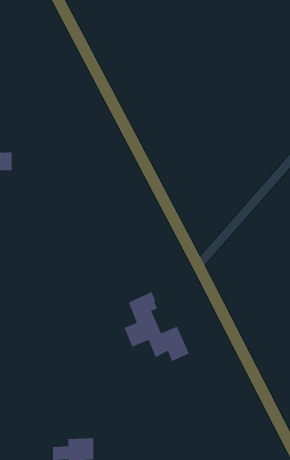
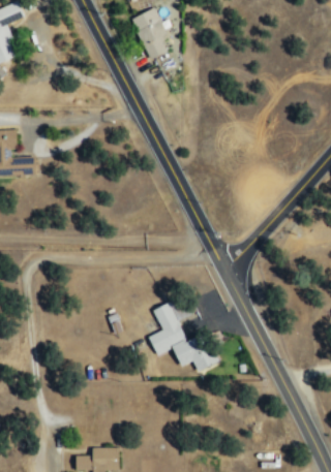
building: none -> [130,7,168,59]

